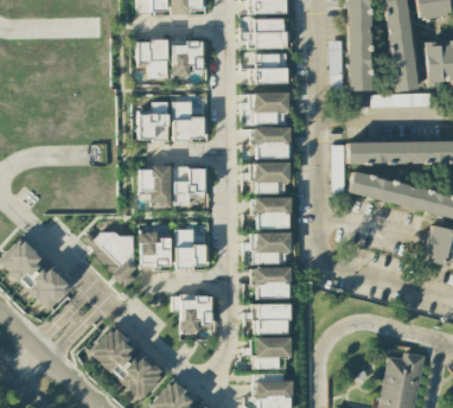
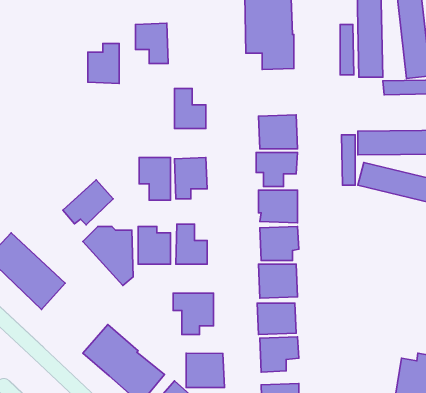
building: [172,42,203,77] -> none
building: [251,93,288,125] -> none
building: [139,103,168,141] -> [88,43,119,84]
building: none -> [63,180,113,225]
building: none -> [186,353,224,388]

